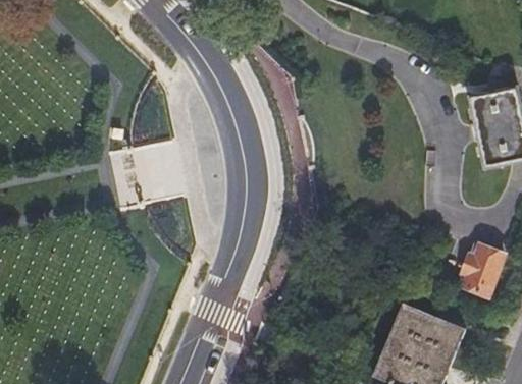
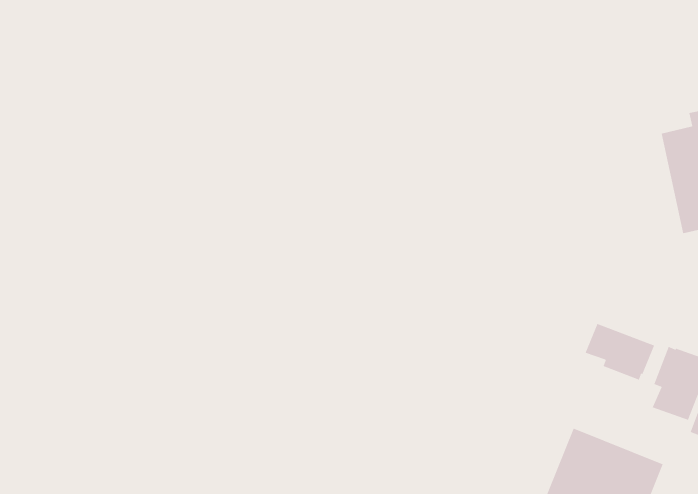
building: none -> [585,323,655,380]

